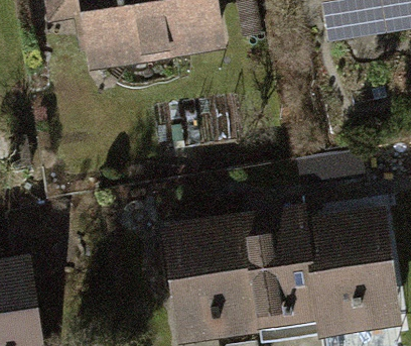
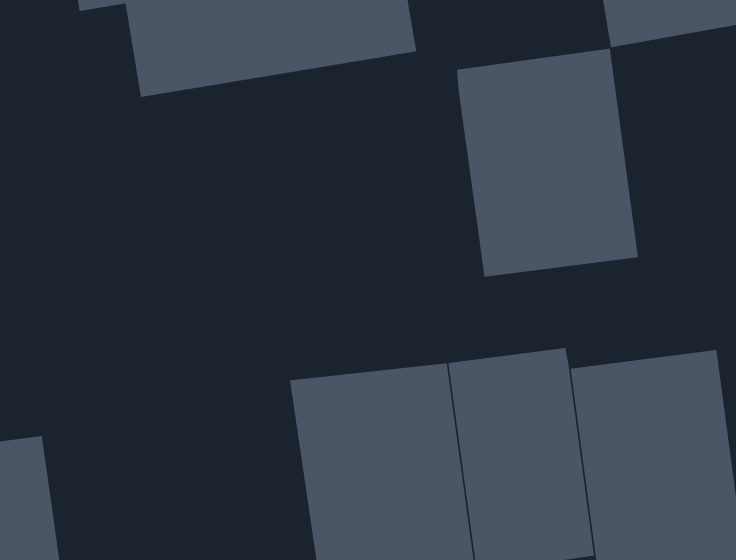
building: none -> [457,48,638,278]

